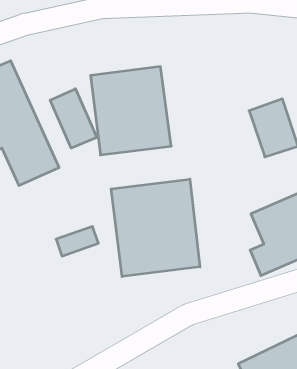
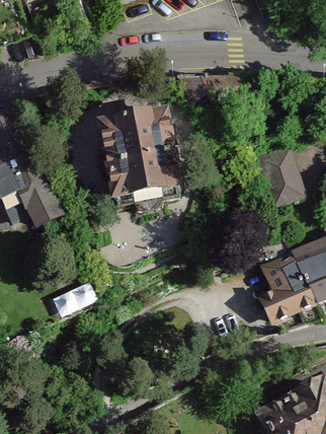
building: [50,89,97,148] -> none
building: [111,179,200,277] -> none

